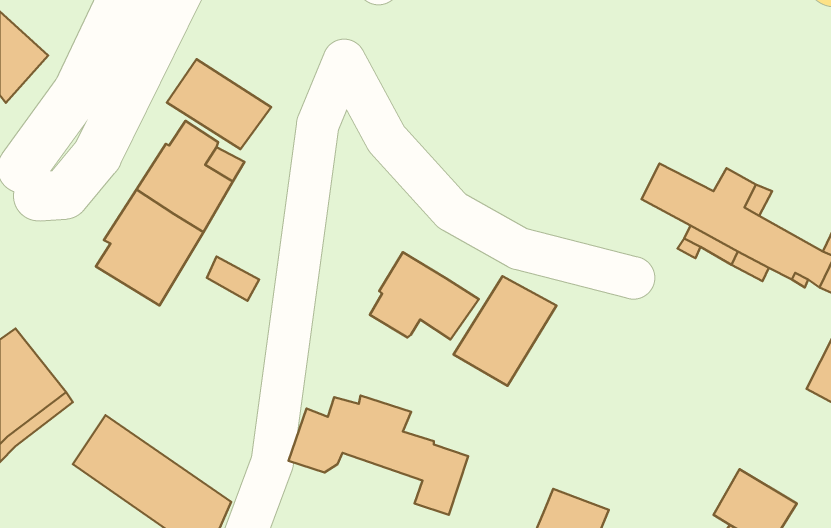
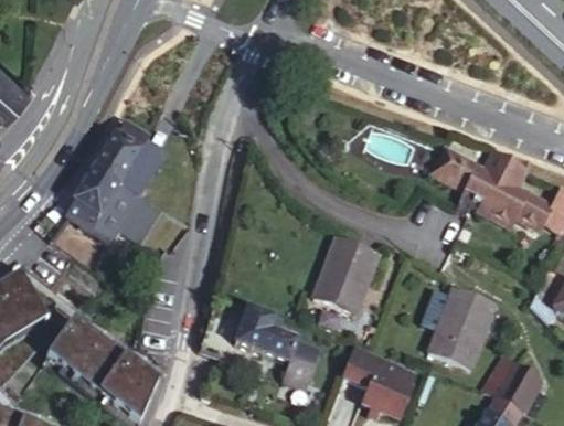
building: [167,59,271,149] -> none
building: [370,252,479,339] -> none
building: none -> [428,283,501,364]
building: none -> [343,344,406,384]

